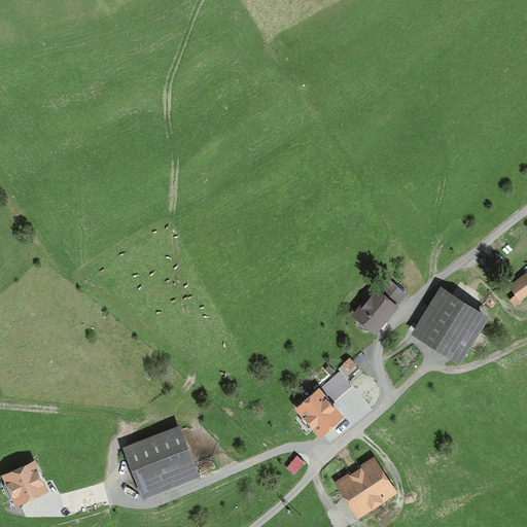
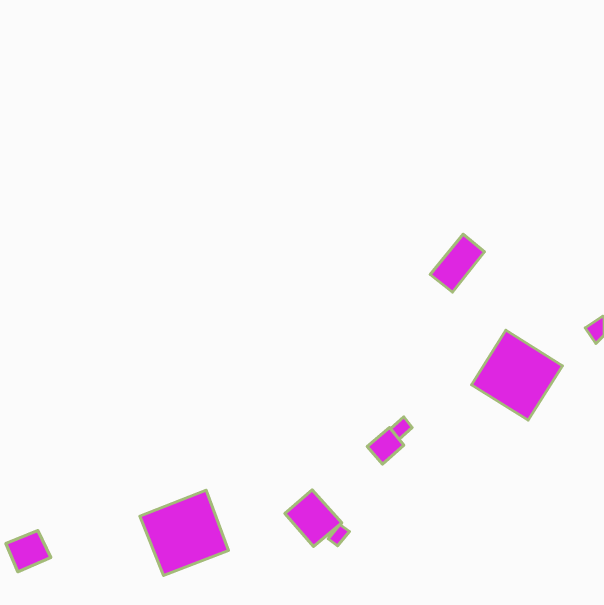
building: [354,277,401,327] -> [430,234,485,292]
building: [294,389,344,438] -> [285,490,342,547]
building: [333,456,397,519] -> none

